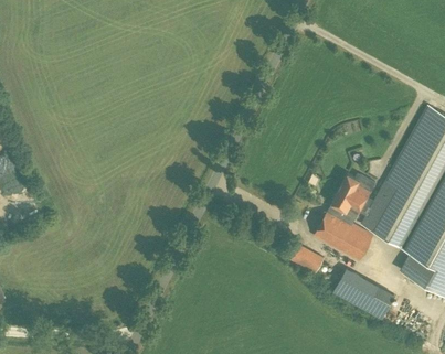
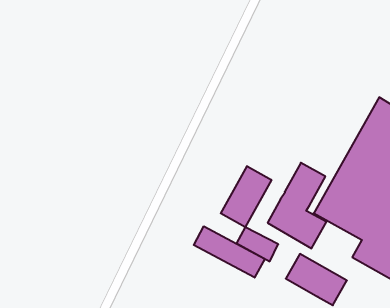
building: none -> [221,166,271,227]
building: none -> [194,226,265,278]

